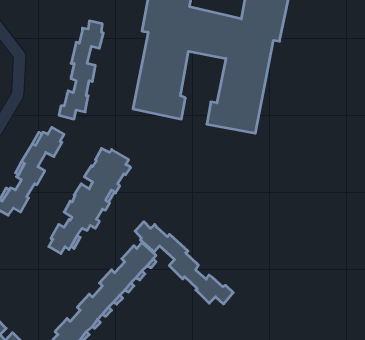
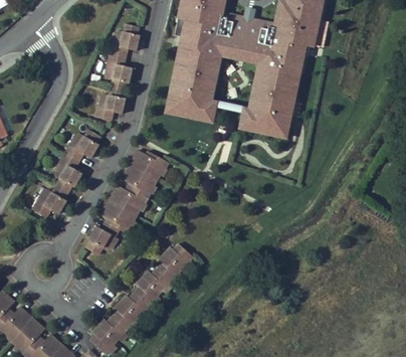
building: [135,222,233,304] -> none

